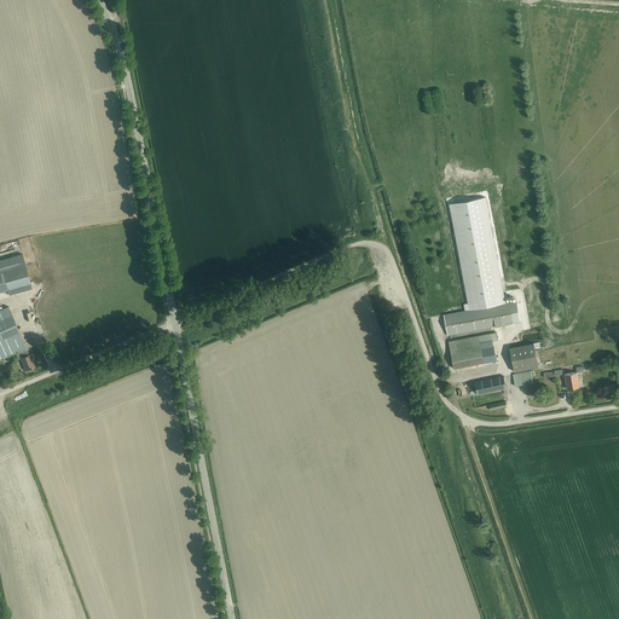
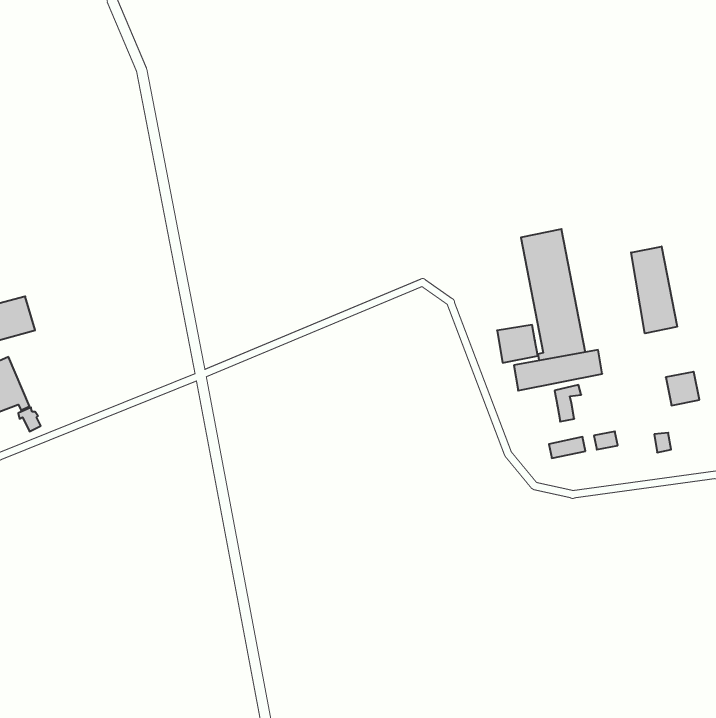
building: none -> [631,246,677,333]
building: [447,336,482,369] -> [497,325,538,363]
building: [508,343,537,372] -> [666,372,699,405]

